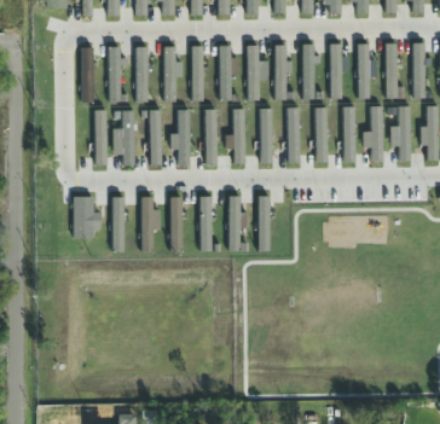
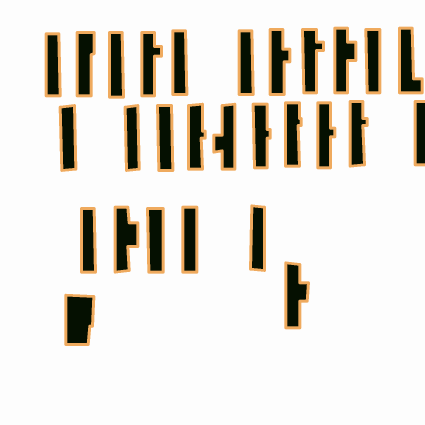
building: [219,46,237,100] -> none
building: [363,106,384,161] -> none
building: [112,110,135,165] -> none
building: [228,196,248,251] -> [286,263,308,328]
building: [76,197,100,239] -> [66,295,94,344]

